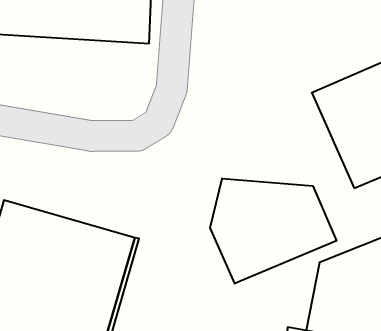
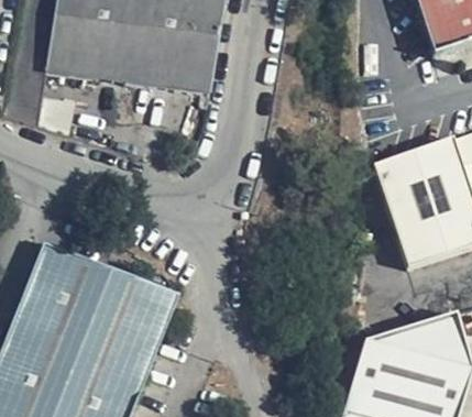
building: [210,178,336,284] -> none

